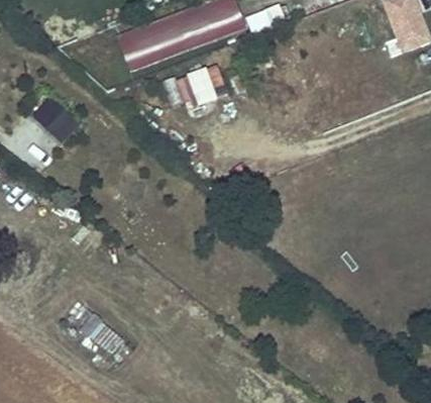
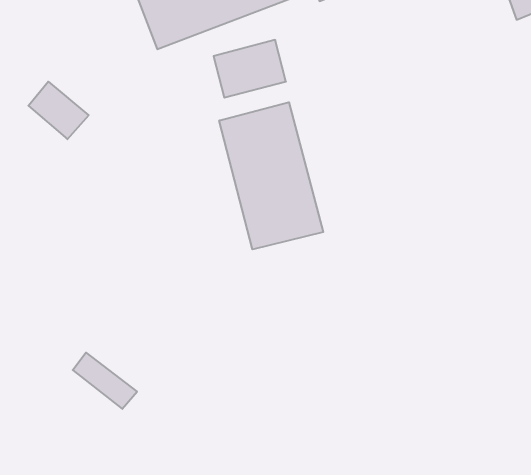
building: none -> [219,102,323,249]

